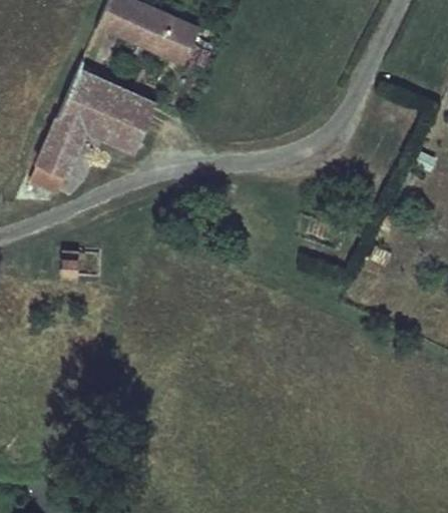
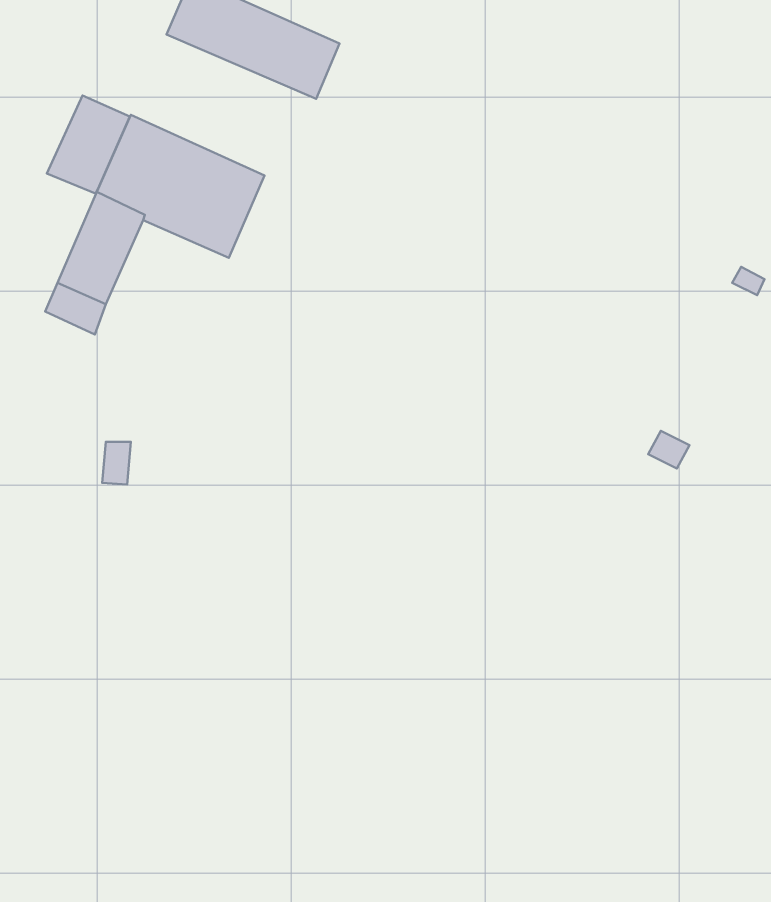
building: none -> [47,96,130,193]

